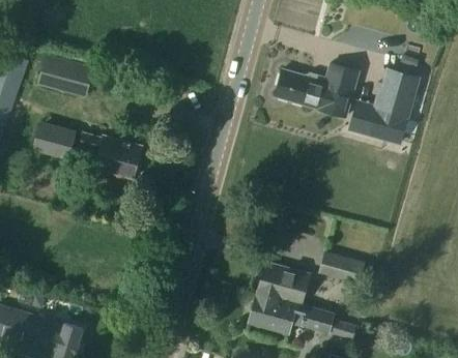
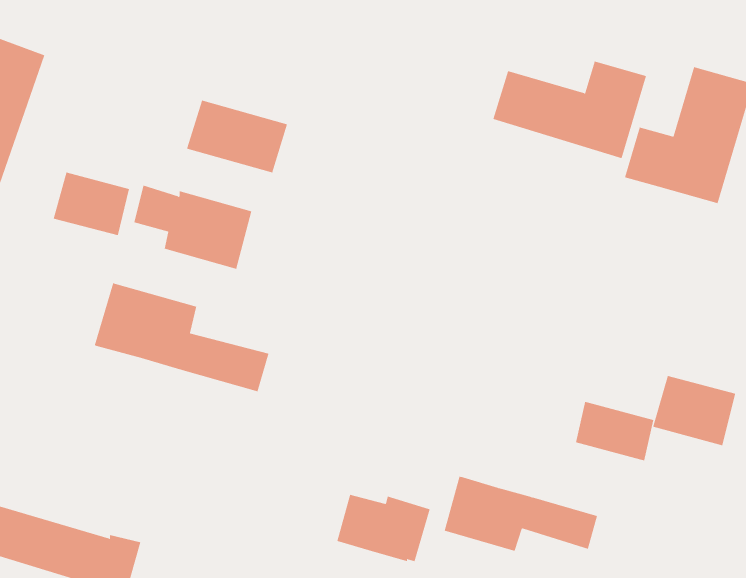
building: [37,58,93,98] -> [186,100,288,173]
building: none -> [94,282,269,392]
building: none -> [653,375,736,446]
building: [257,266,309,303] -> [336,494,430,562]

